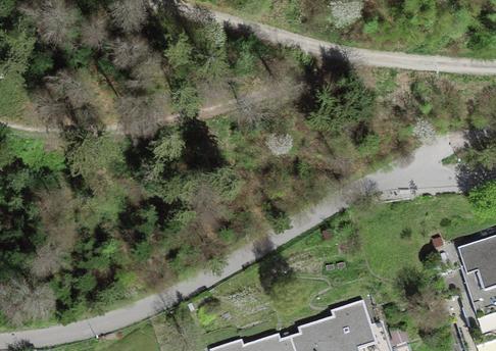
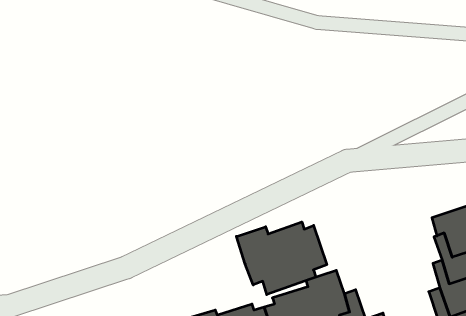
building: none -> [236,222,327,295]

